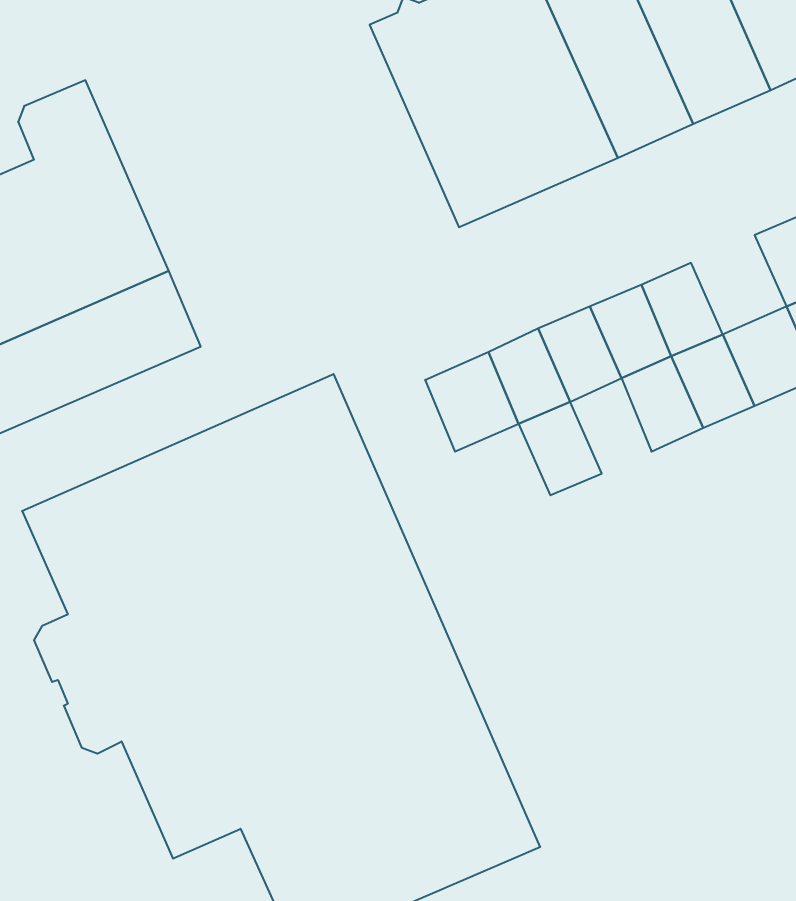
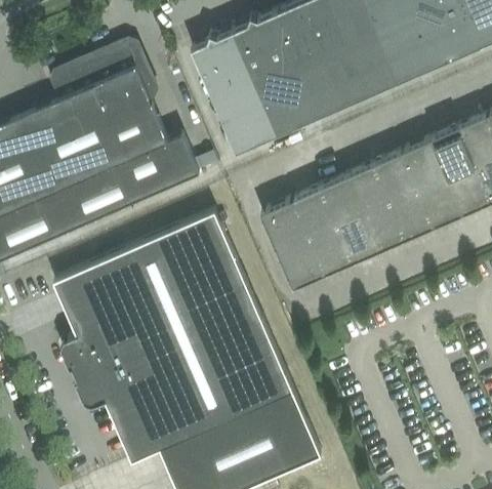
building: none -> [191,31,279,155]
building: none -> [86,41,199,197]
building: none -> [399,139,448,191]
building: none -> [336,213,378,262]
building: none -> [277,237,326,288]

